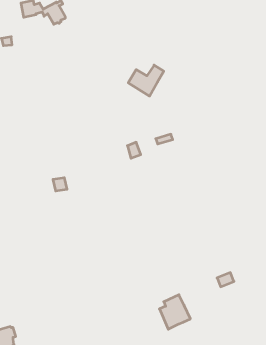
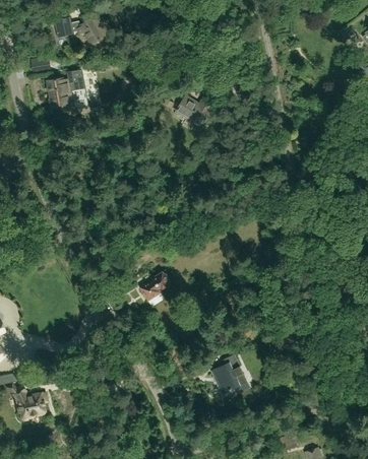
building: none -> [47,71,87,110]
building: none -> [139,273,170,302]

